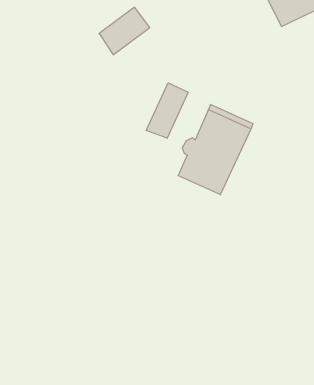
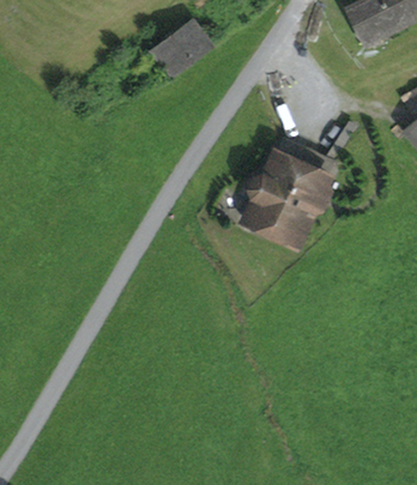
building: [146,83,188,138] -> none

